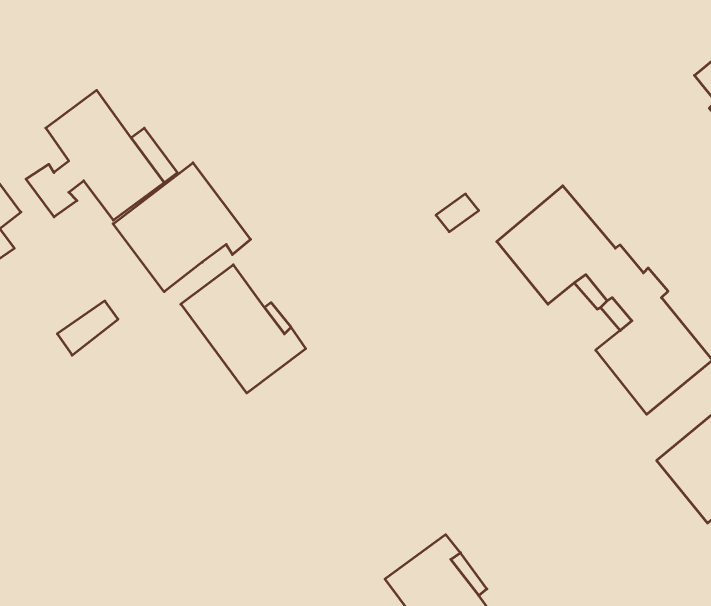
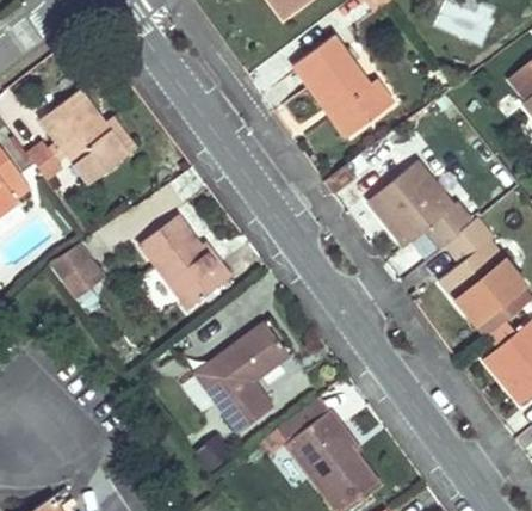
building: none -> [292,35,394,129]
building: [113,163,251,292] -> none
building: none -> [192,321,289,432]

